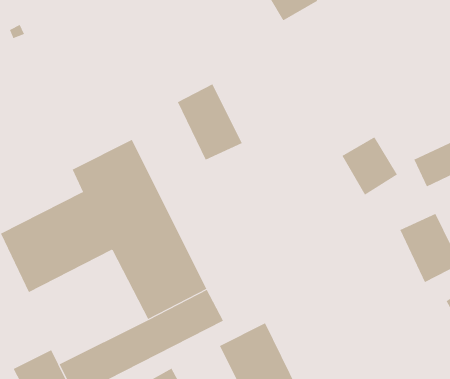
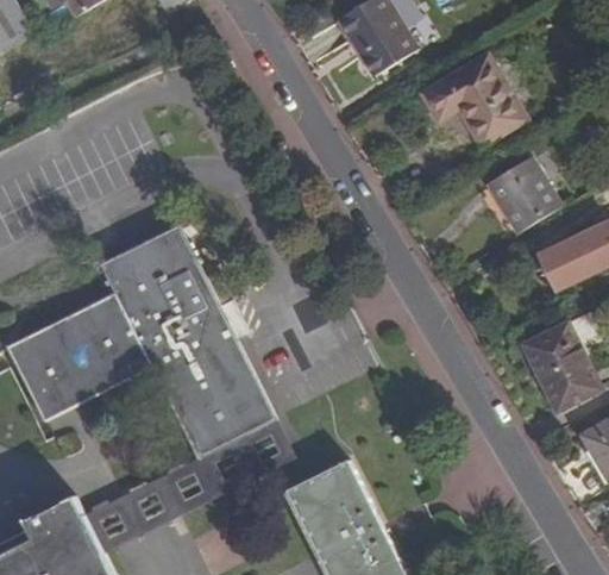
building: none -> [421,51,526,144]
building: [177,84,243,160] -> none
building: [341,136,398,196] -> [486,156,559,232]

